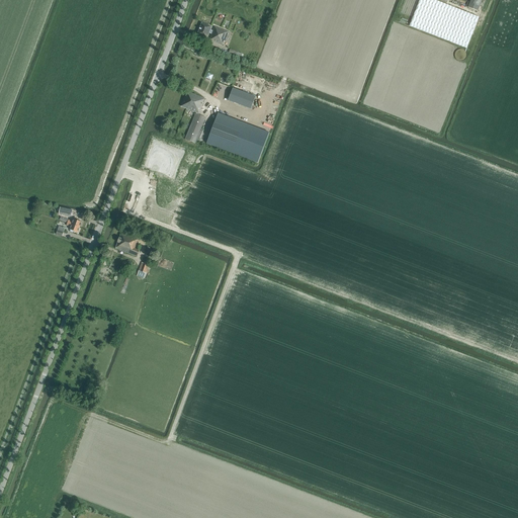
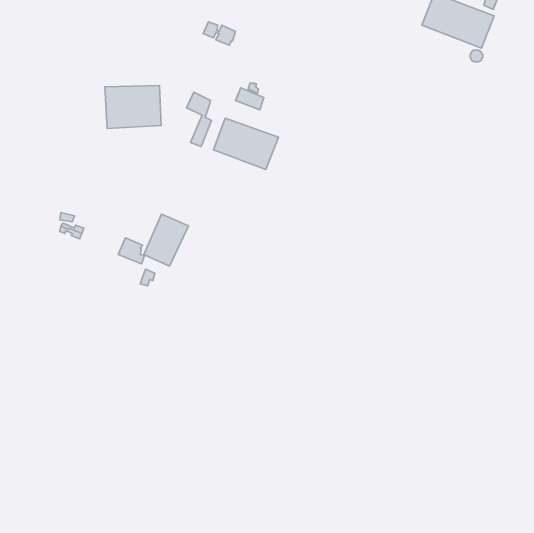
building: none -> [105,86,161,128]
building: none -> [144,214,188,266]

